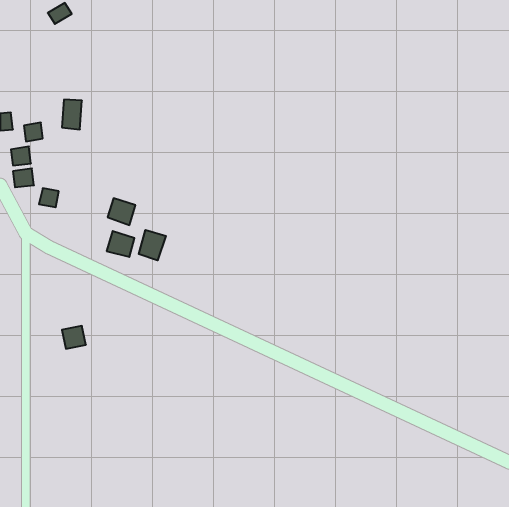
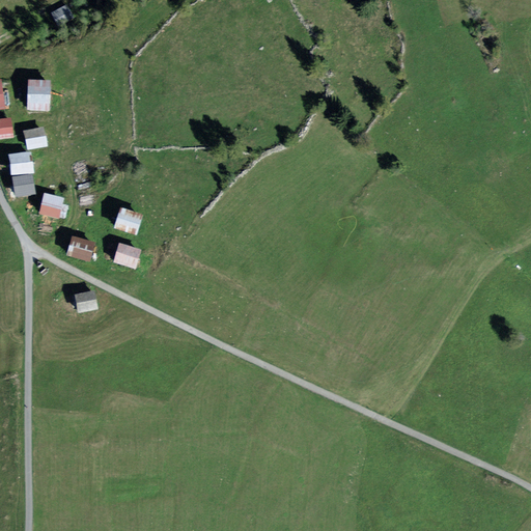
building: [62,100,82,129] -> [29,80,50,111]
building: none -> [64,233,93,259]
building: [139,230,166,260] -> none
building: [62,326,86,349] -> [73,288,97,312]

